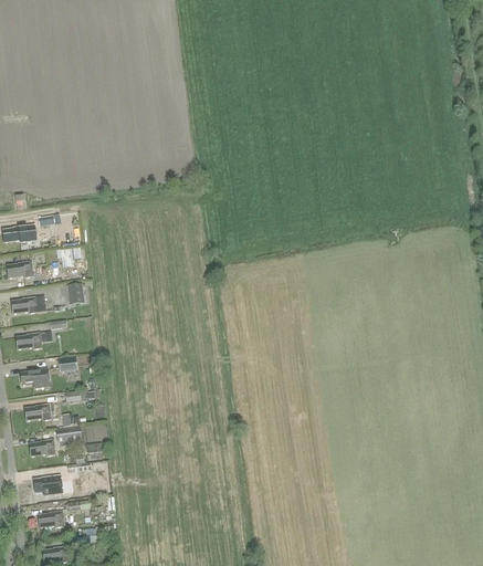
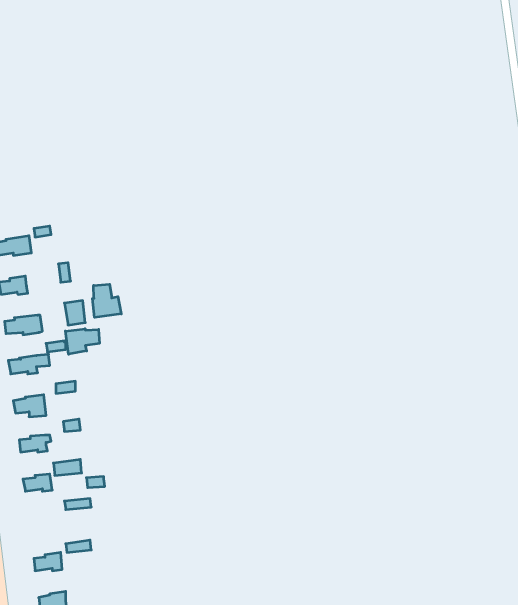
building: none -> [92,284,121,317]
building: none -> [65,329,99,354]
building: [32,474,62,494] -> none

